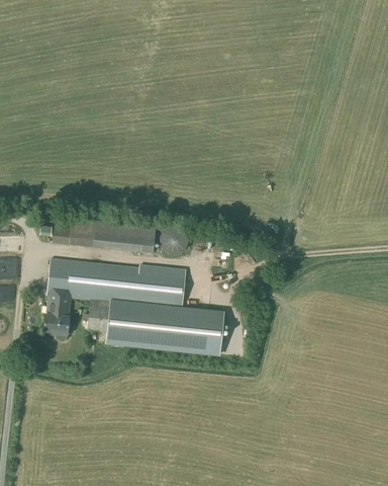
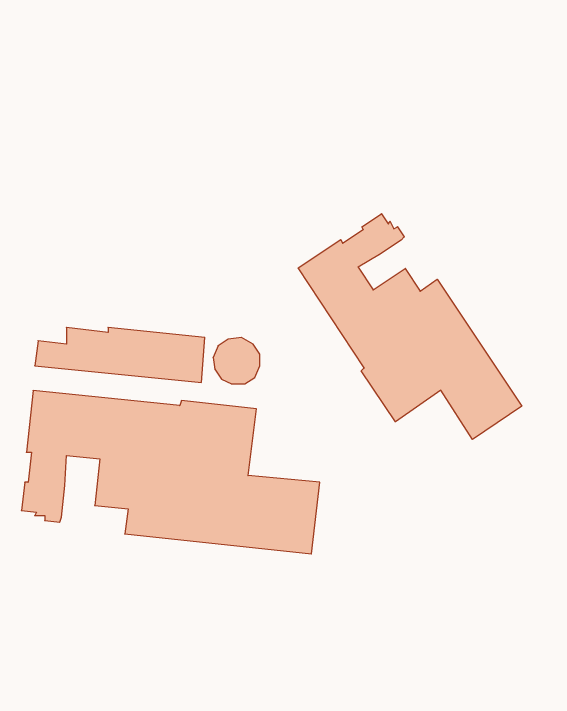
building: none -> [298,214,522,439]

